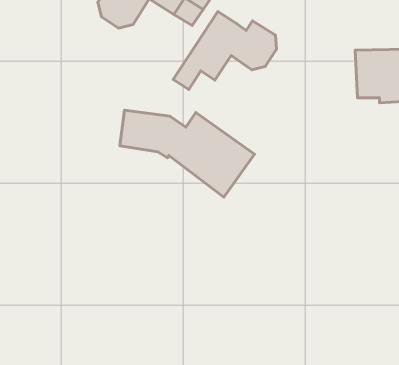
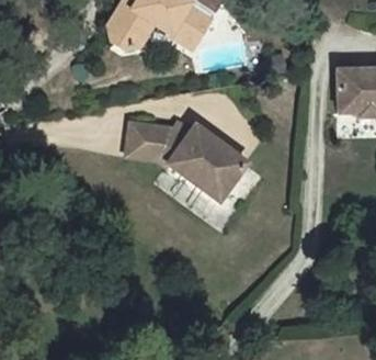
building: [173,12,277,89] -> none

